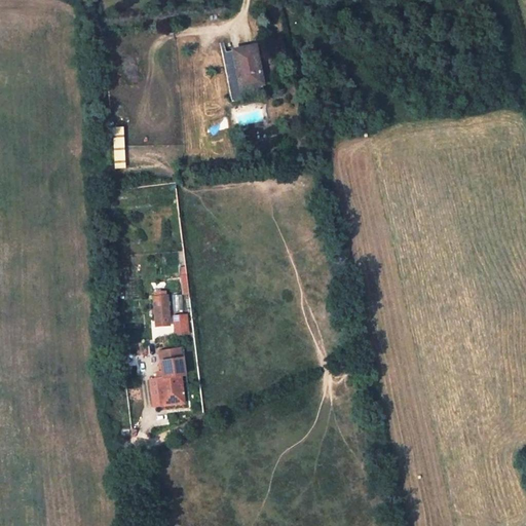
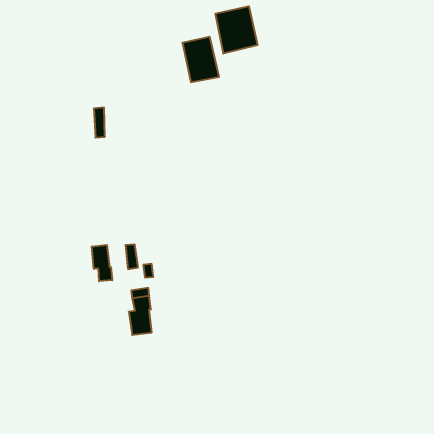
building: none -> [215,6,257,54]
building: none -> [92,245,112,281]

